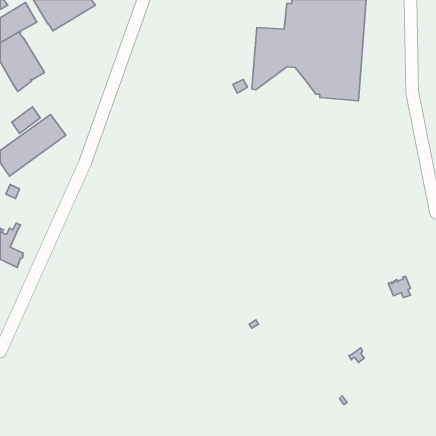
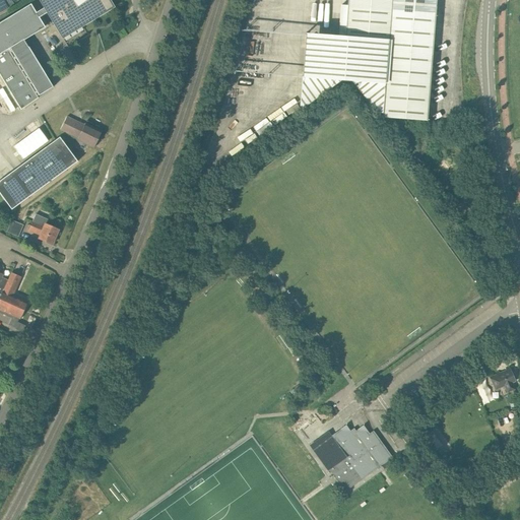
building: none -> [60,115,102,147]
building: none -> [28,213,59,244]
building: [388,276,410,298] -> [489,366,515,391]
building: none -> [312,424,395,491]

